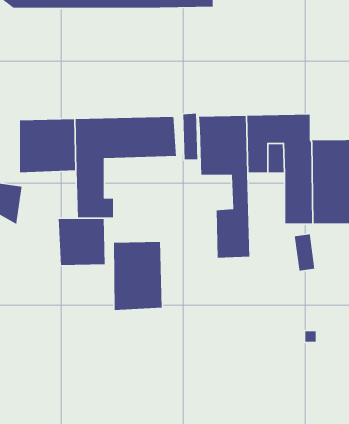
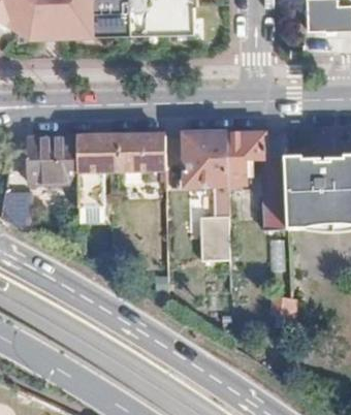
building: [58,218,106,266] -> none
building: [113,241,162,311] -> none

